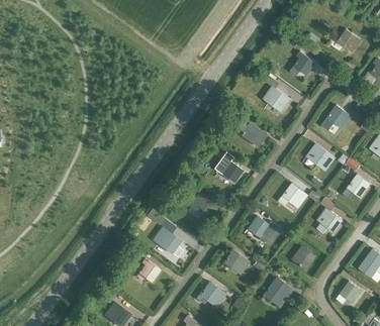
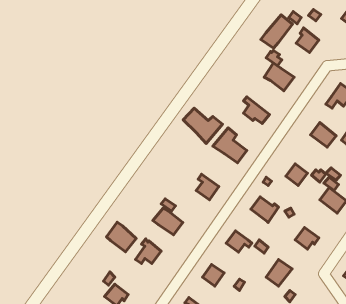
building: none -> [261,15,293,48]
building: none -> [183,108,223,144]
building: none -> [107,222,136,252]

